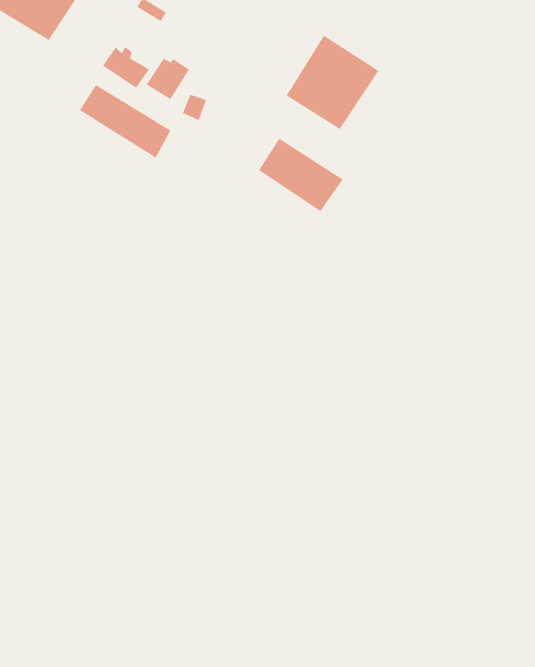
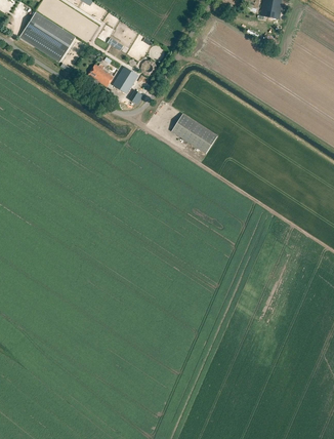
building: [286,35,379,130] -> none
building: [79,84,171,158] -> none

